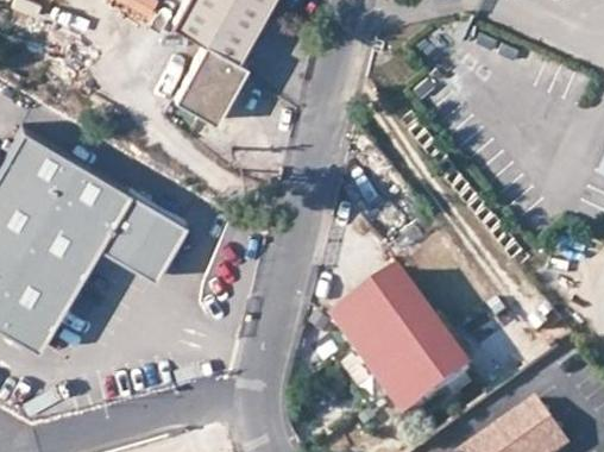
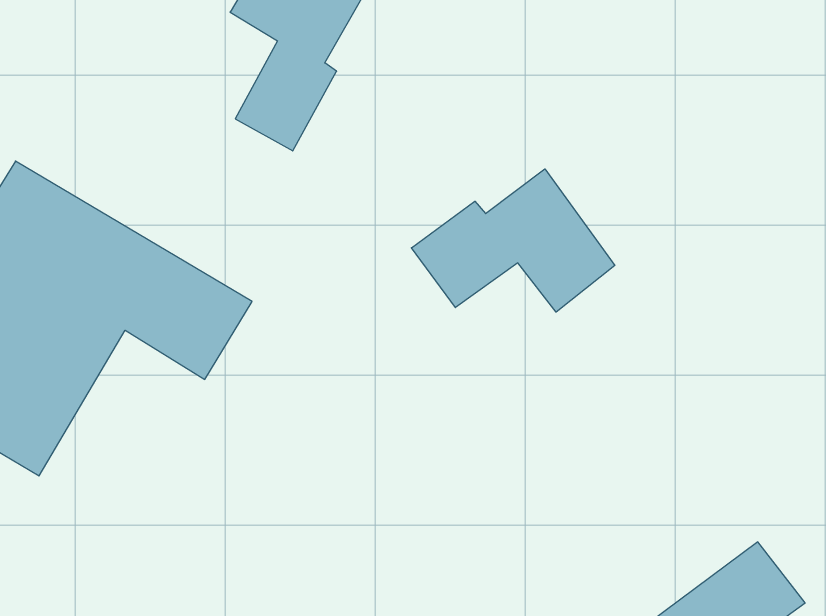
building: none -> [411,169,615,312]
building: [336,272,474,418] -> none

